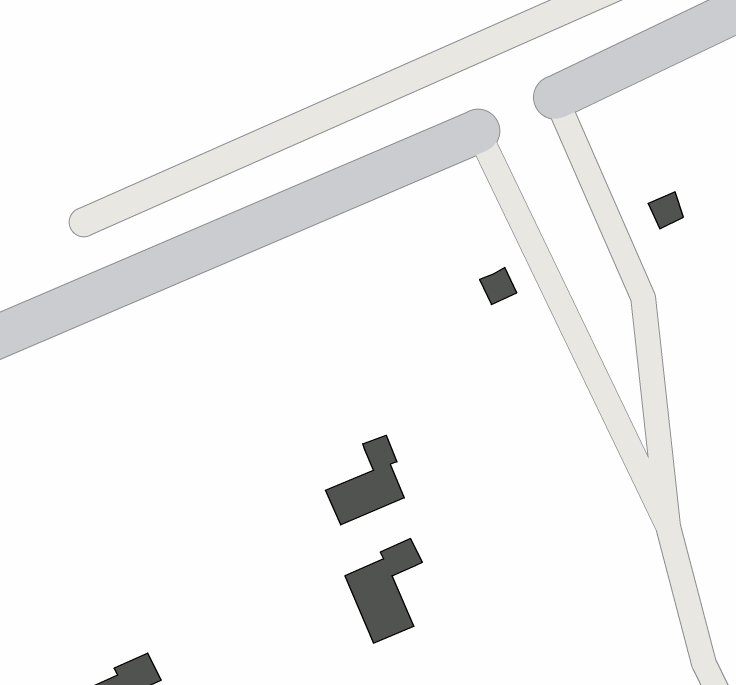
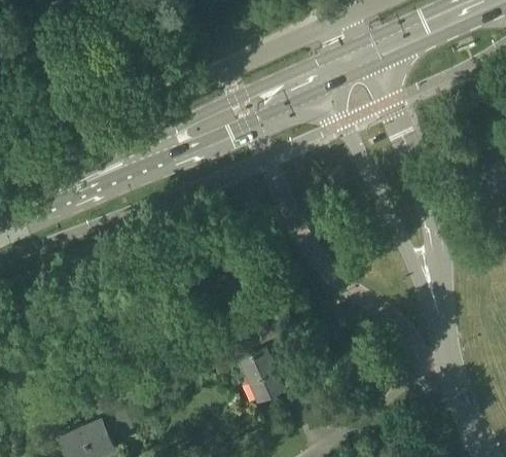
building: [326,435,404,525] -> none

